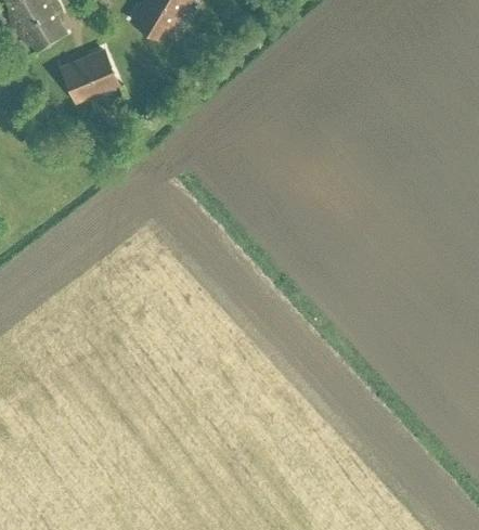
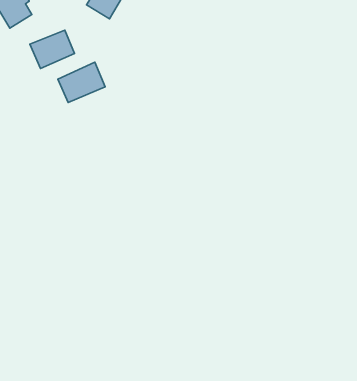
building: none -> [58,62,105,102]

